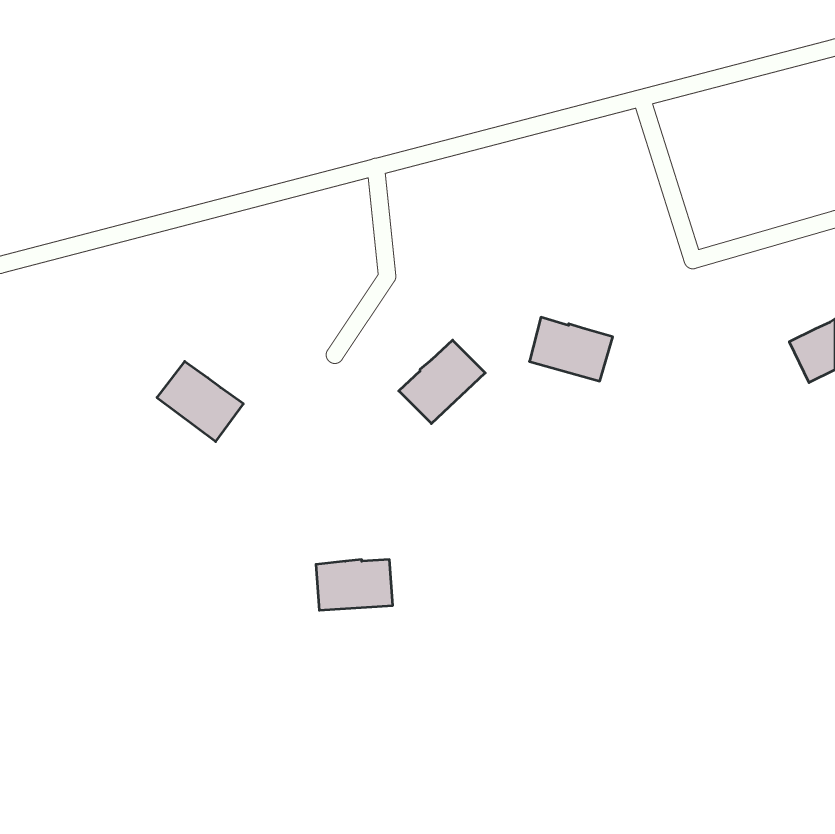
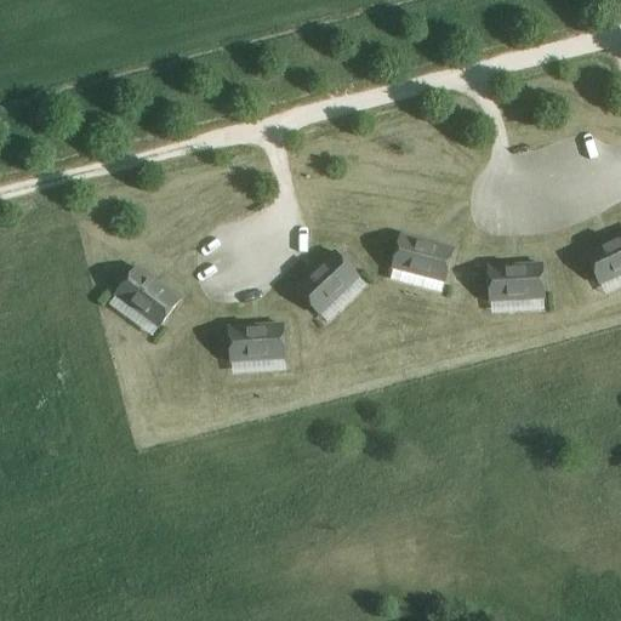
building: none -> [489,264,546,302]
building: [316,560,393,610] -> [229,325,286,363]

